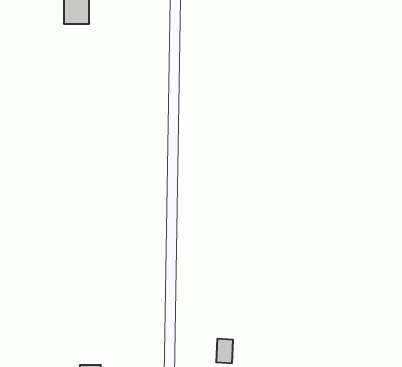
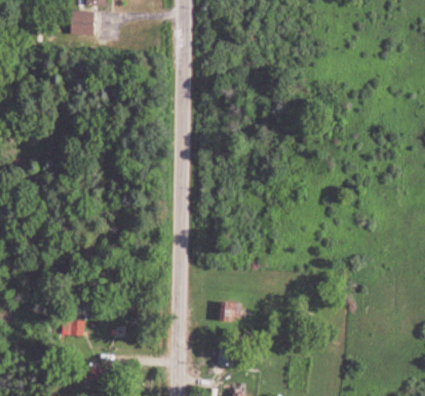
building: none -> [216,301,238,321]

